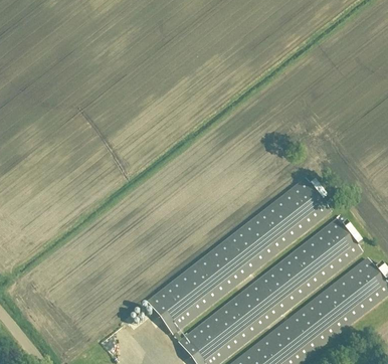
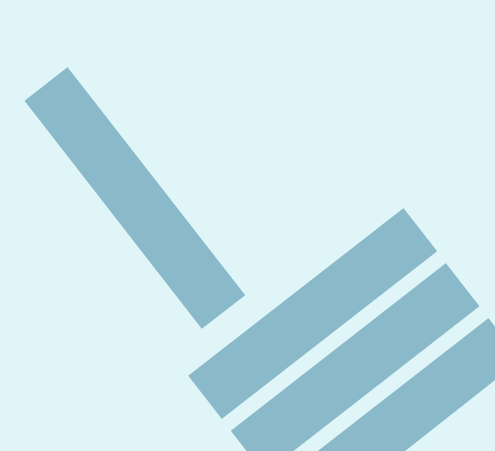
building: none -> [23,66,246,330]

